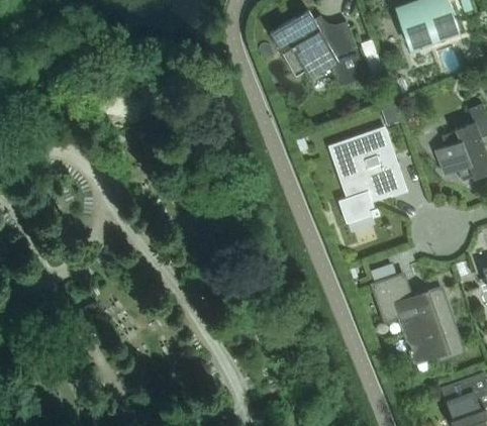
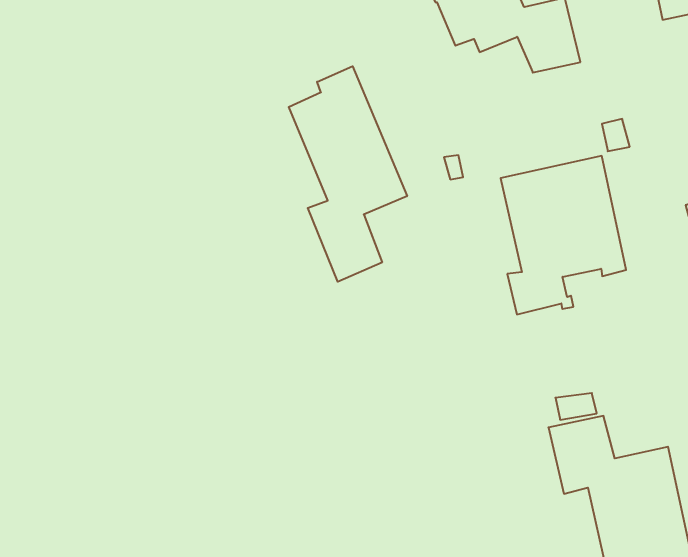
building: none -> [289,66,407,282]

